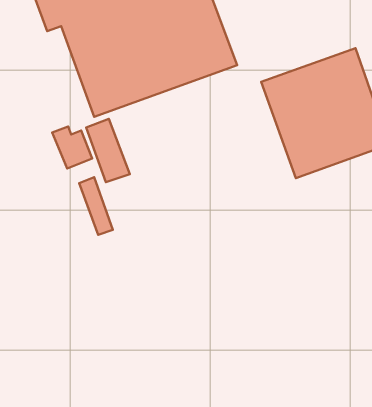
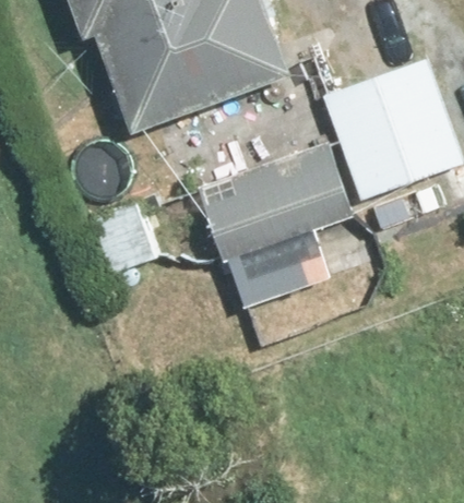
building: none -> [195,141,355,263]

